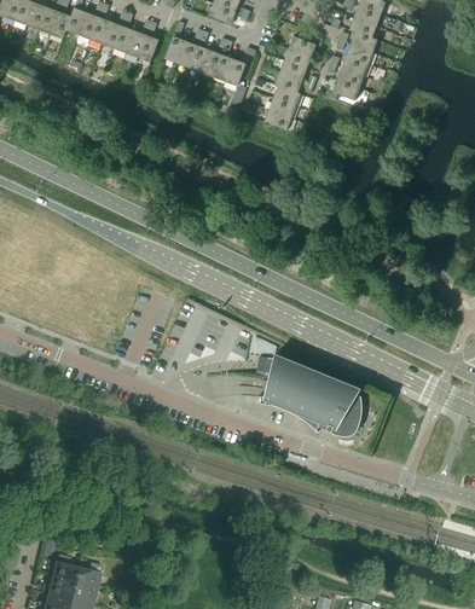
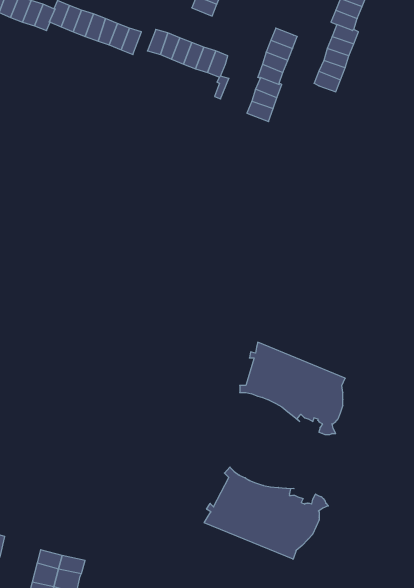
building: none -> [204,467,328,559]

